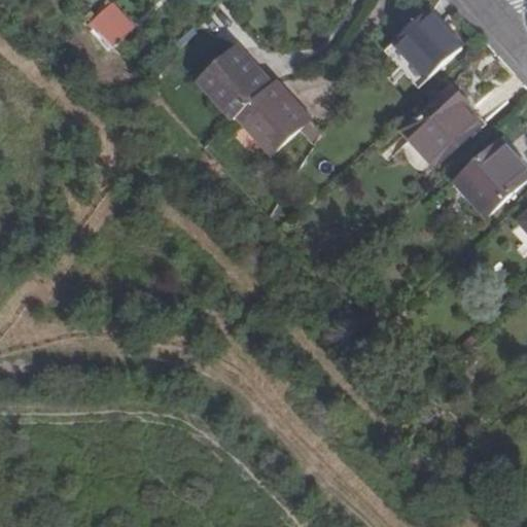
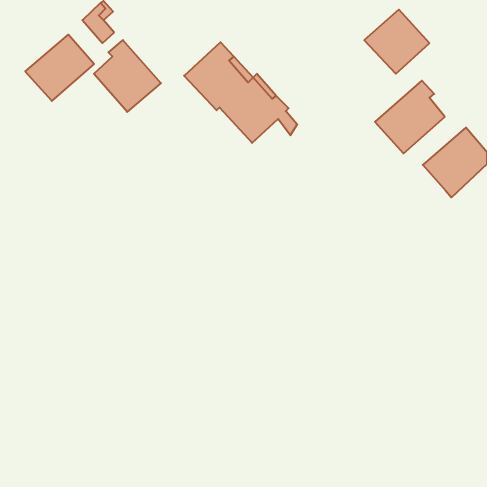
building: none -> [25,35,94,101]
building: none -> [94,40,161,112]

